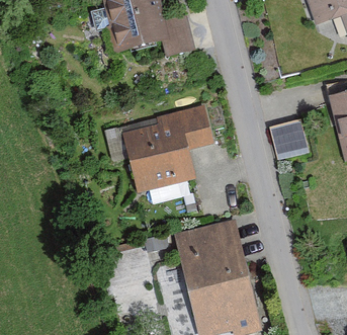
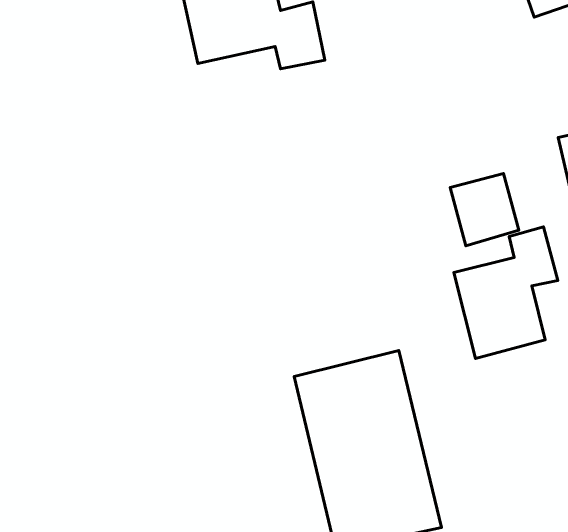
building: [125,105,212,191] -> none
building: none -> [454,227,558,358]

